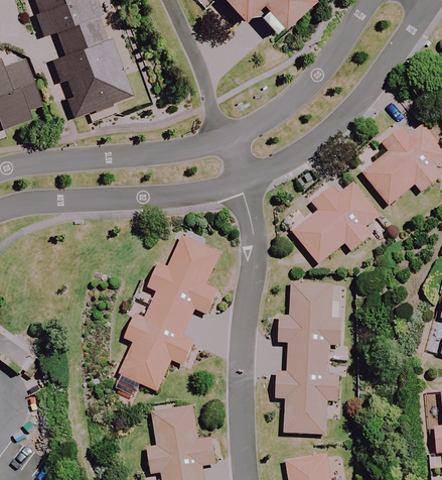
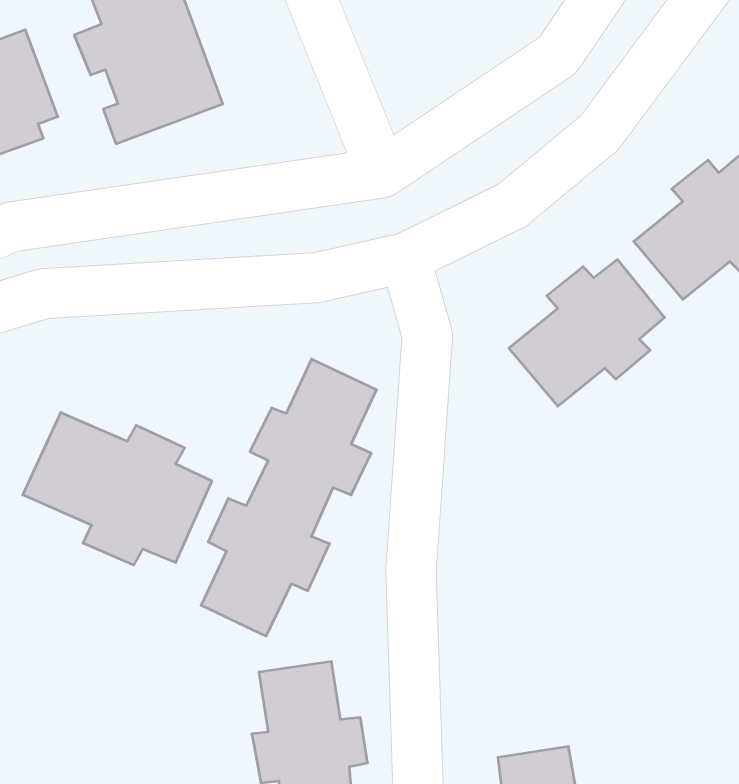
building: none -> [23,412,212,565]
building: [277,281,338,435] -> none

